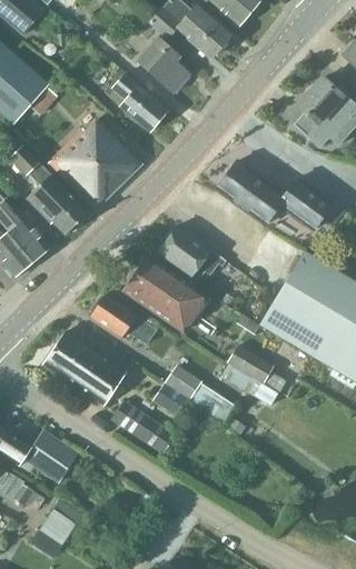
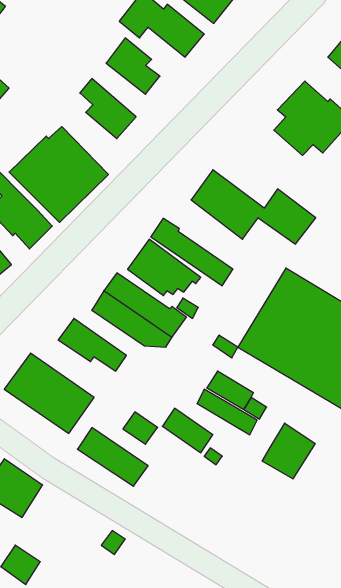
building: none -> [151,218,233,286]
building: [165,365,201,398] -> none
building: none -> [262,423,315,479]

